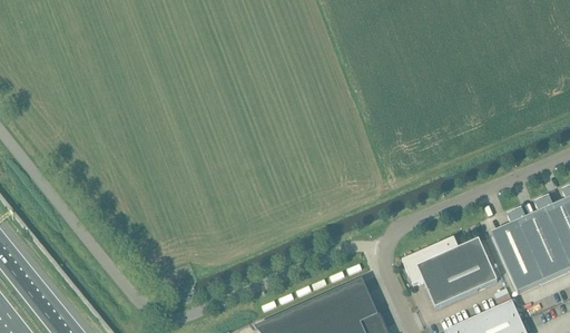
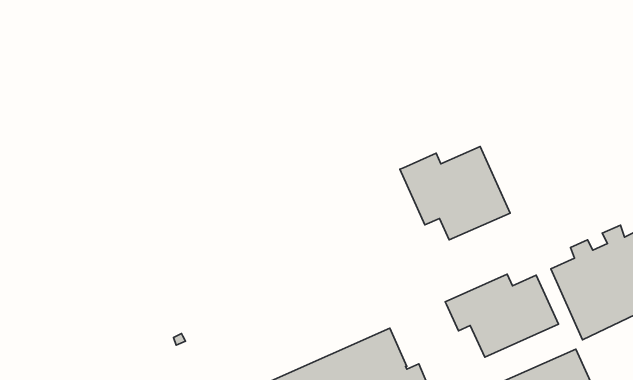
building: none -> [400,147,510,240]

